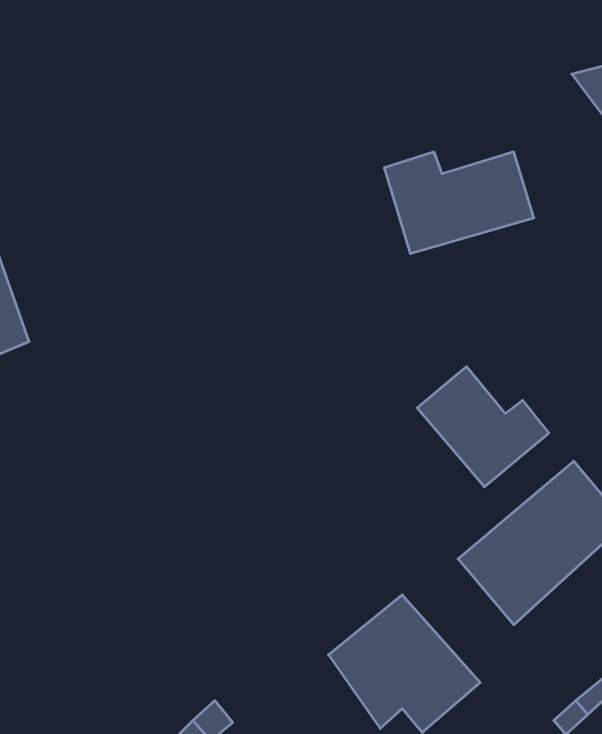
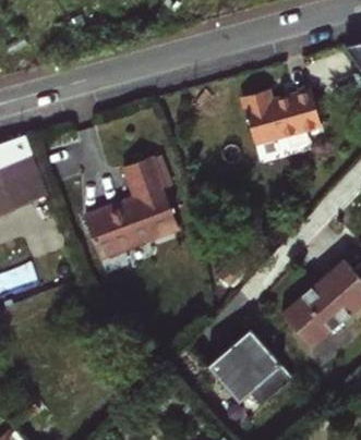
building: none -> [87,157,181,259]
building: [417,367,549,487] -> none

